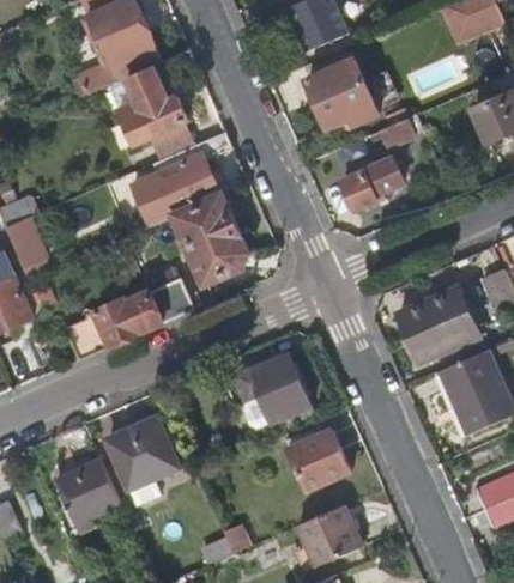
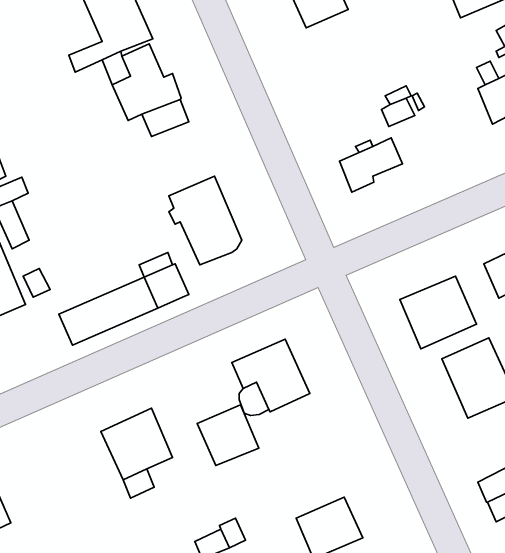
building: [303,60,377,127] -> none
building: [131,130,231,225] -> none
building: [290,432,350,491] -> [197,405,259,465]
building: [54,458,120,533] -> none

